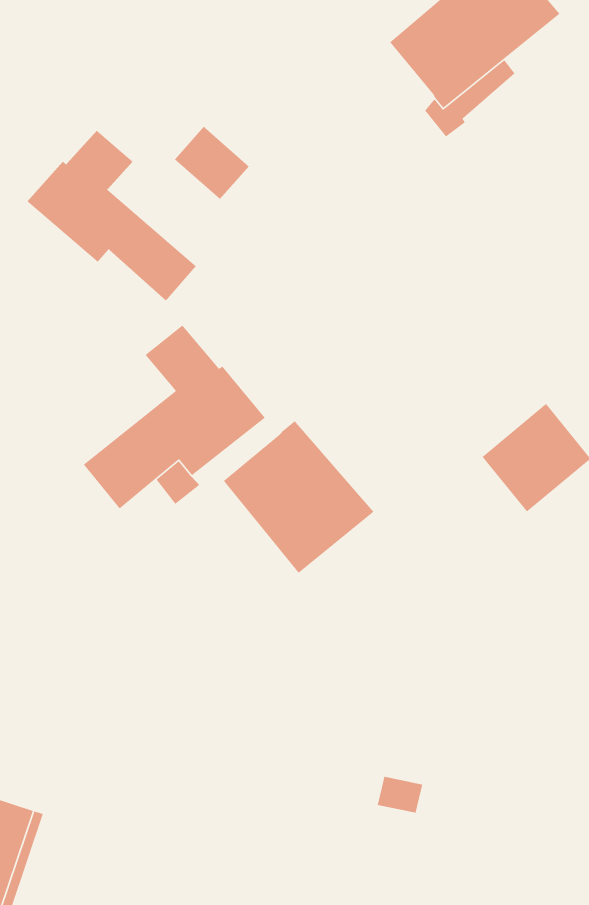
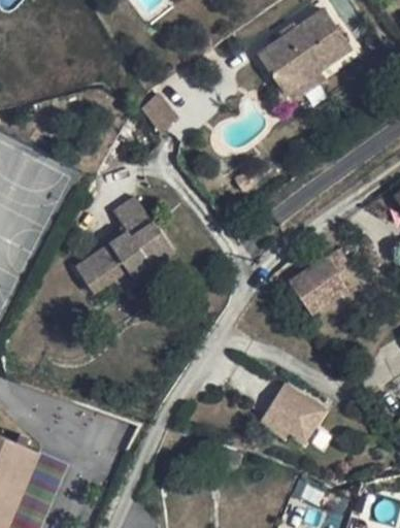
building: [27,130,197,301] -> none
building: [223,420,374,574] -> none
building: none -> [264,384,325,440]

